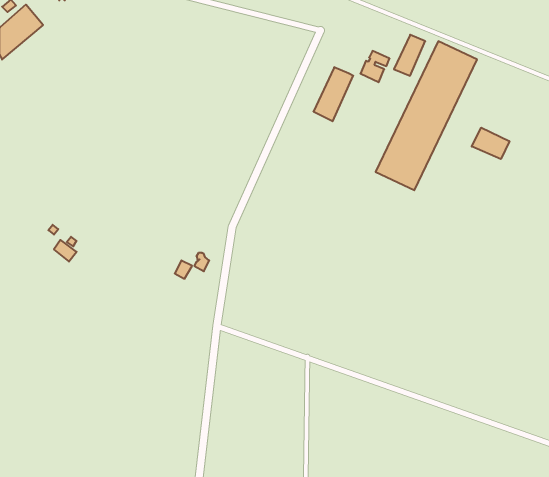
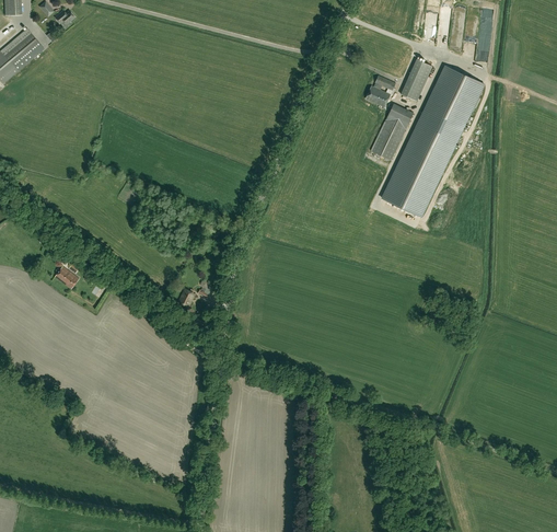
building: [313,67,353,121] -> [371,105,411,160]
building: [472,128,509,159] -> none

